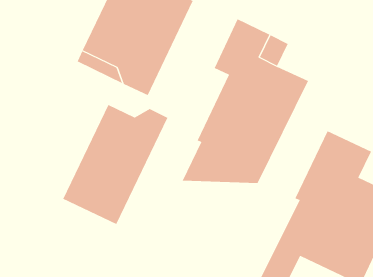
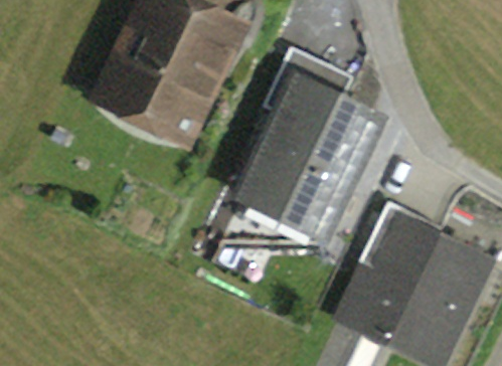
building: [62,104,168,225] -> none

